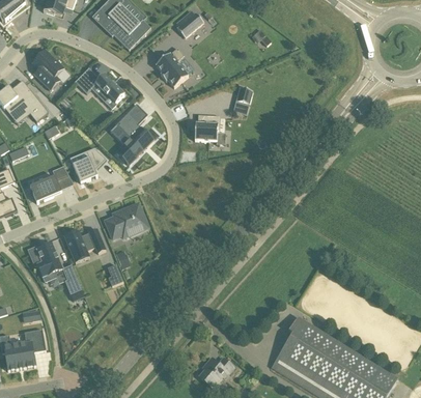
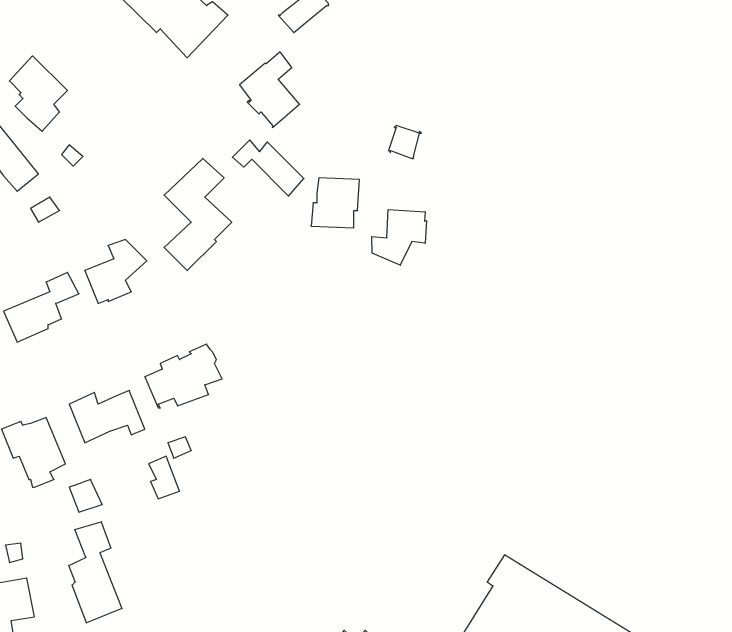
building: [85,73,123,103] -> [232,140,304,196]
building: none -> [372,210,426,265]
building: none -> [69,522,122,623]

